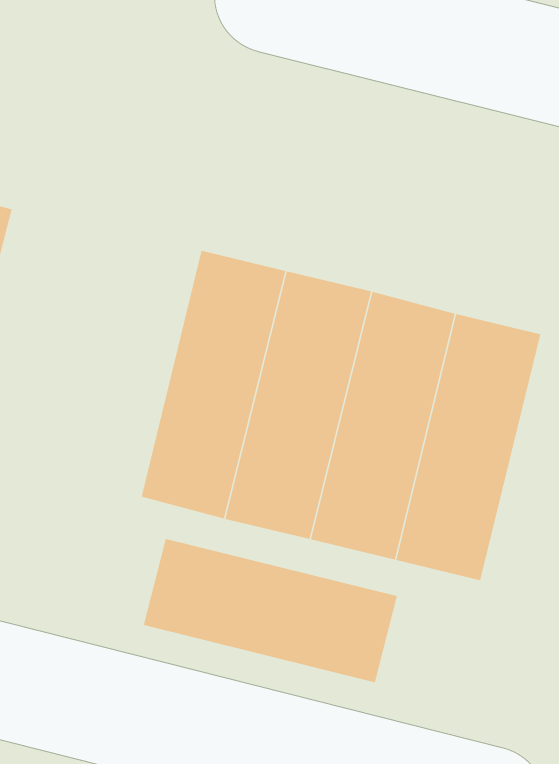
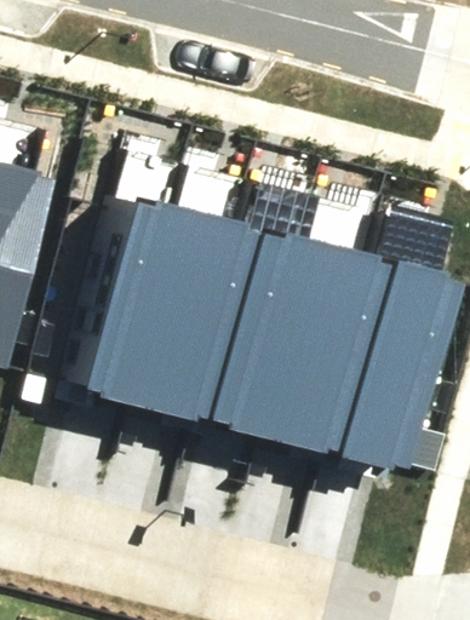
building: none -> [75,197,187,402]
building: [143,538,397,683] -> none

